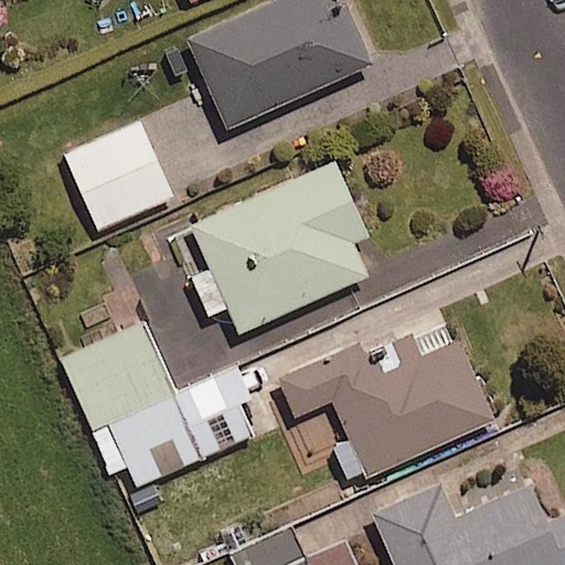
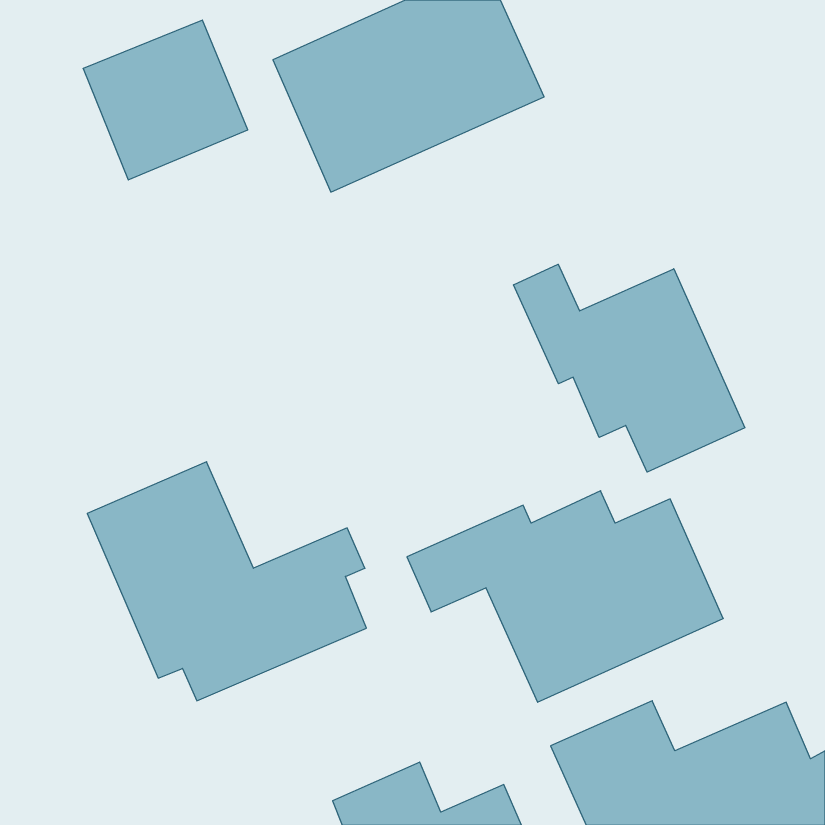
building: [56,116,169,225] -> [83,20,248,180]
building: [190,162,367,335] -> none
building: none -> [514,264,745,472]

